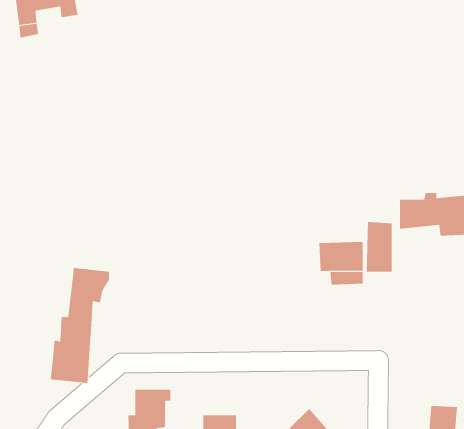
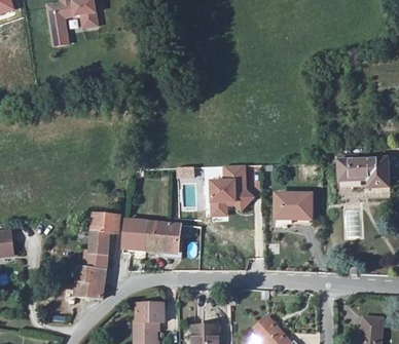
building: none -> [210,165,253,209]
building: [366,221,392,272] -> none
building: none -> [125,220,180,254]

